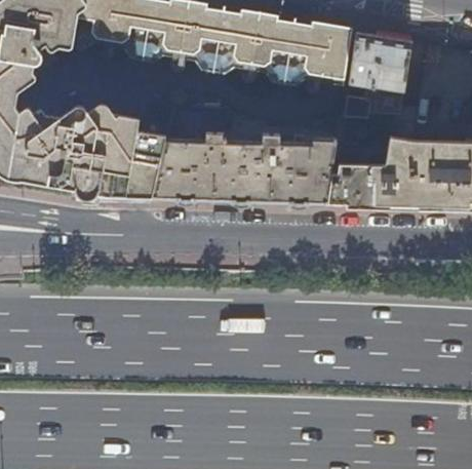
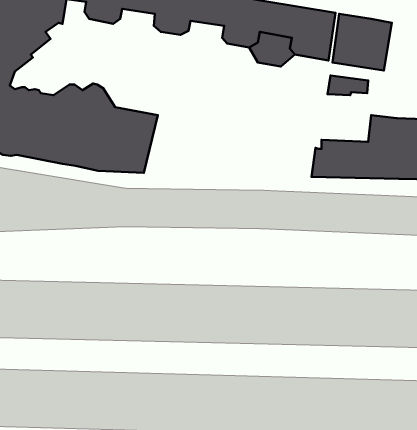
building: [124,29,173,64] -> none
building: [194,41,242,76] -> none
building: [156,106,339,202] -> none

